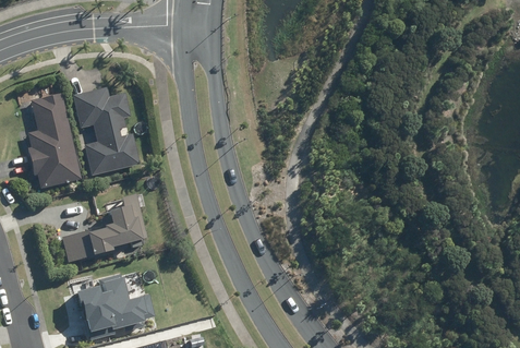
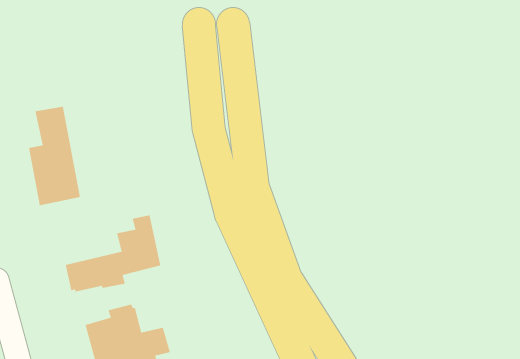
building: [74,88,140,176] -> none

